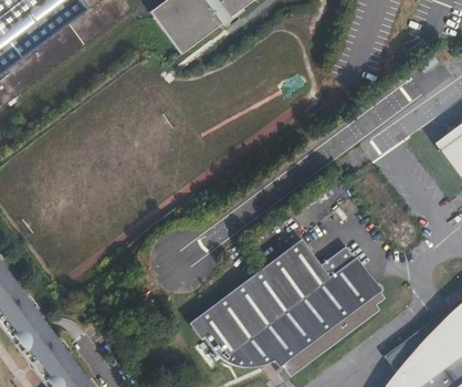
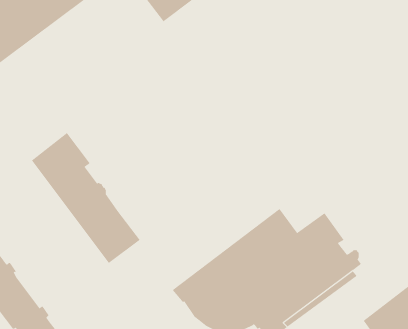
building: none -> [31,132,140,264]

